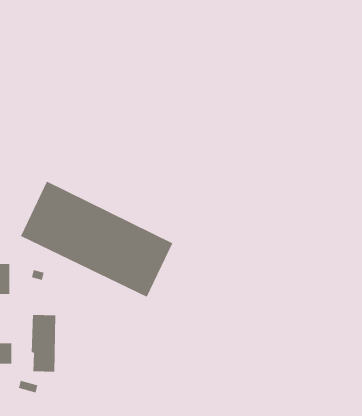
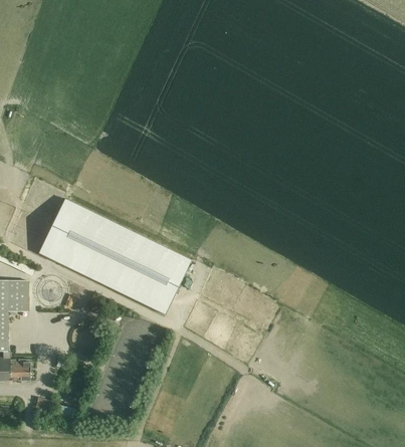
building: [31,314,56,373] -> none

